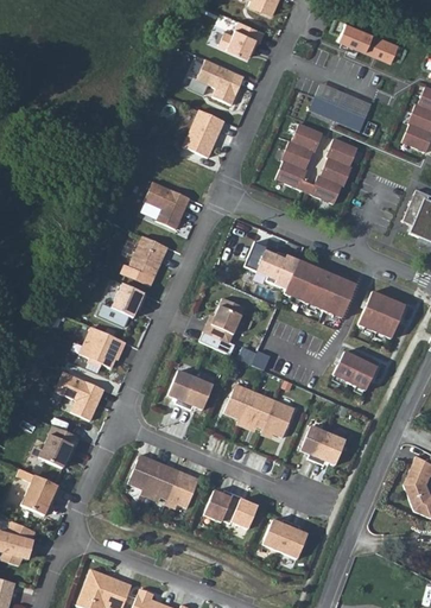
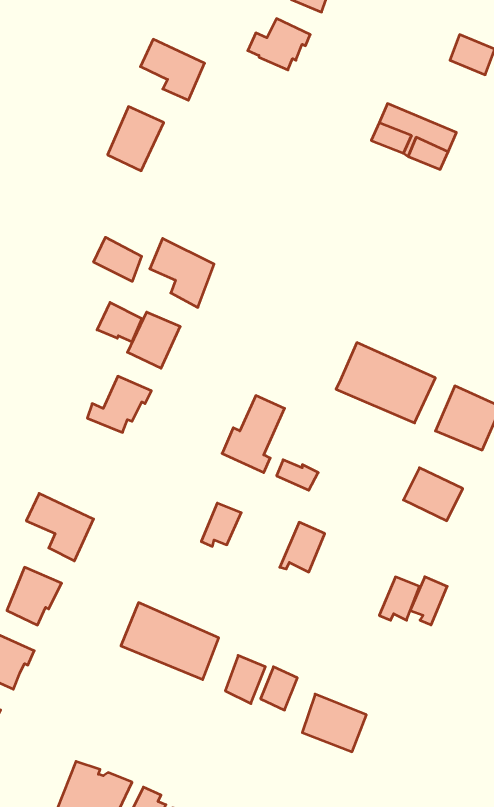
building: [340,19,374,50] -> none
building: [196,58,243,103] -> [140,39,205,100]
building: [183,109,224,157] -> [108,107,164,171]
building: [275,124,359,203] -> none
building: none -> [94,237,142,281]
building: none -> [97,302,142,342]
building: [255,251,298,289] -> none
building: [80,328,125,368] -> none
building: [167,370,195,406] -> none
building: [223,384,255,425] -> none
building: [261,400,294,436] -> none
building: [299,425,327,461] -> [410,577,447,625]

